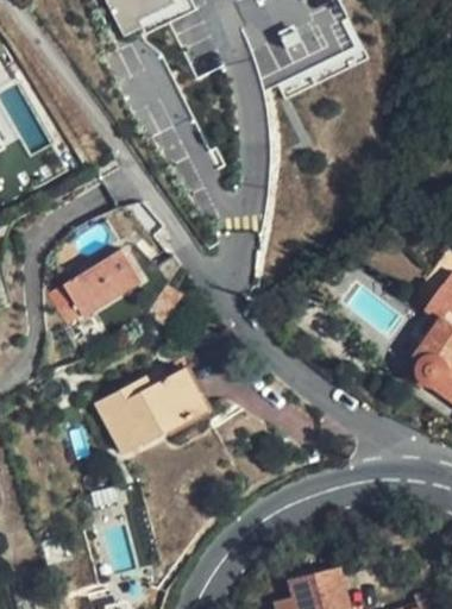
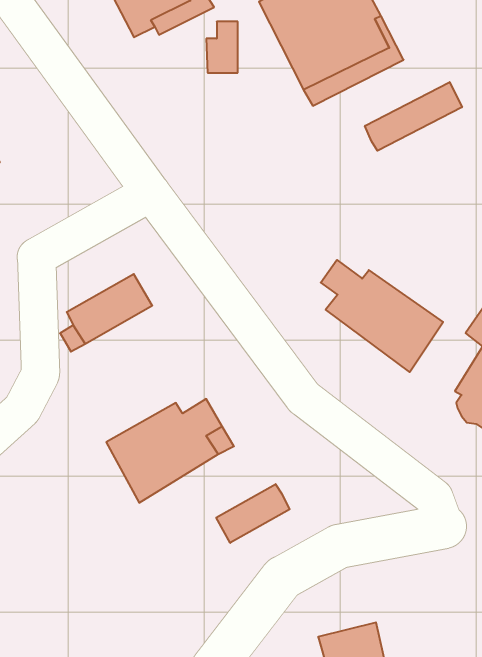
building: none -> [365,82,462,151]
building: none -> [321,260,443,372]
building: none -> [216,484,290,543]

